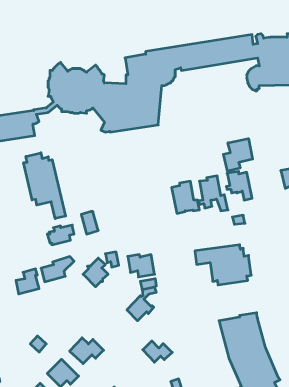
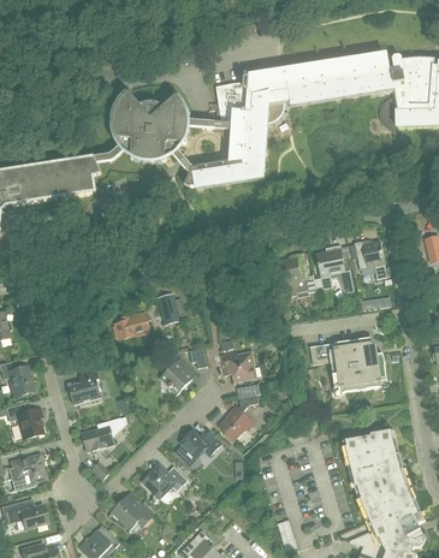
building: [223,139,253,171] -> none
building: [24,153,66,219] -> none
building: [41,257,74,282] -> [81,416,125,450]
building: [143,341,172,362] -> [179,428,219,457]

